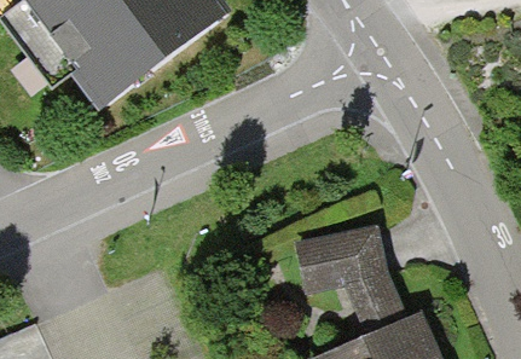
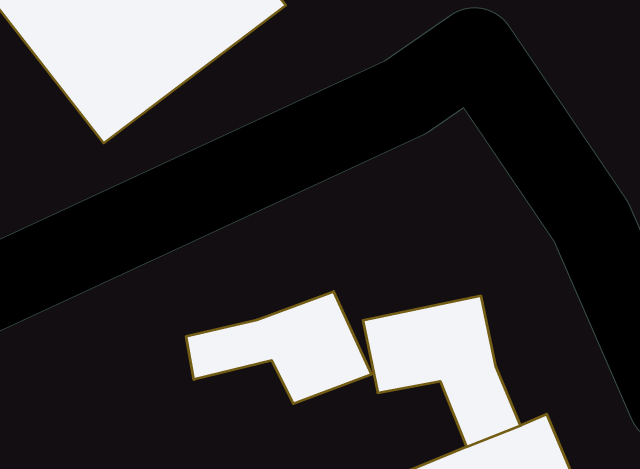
building: none -> [186,291,372,404]

